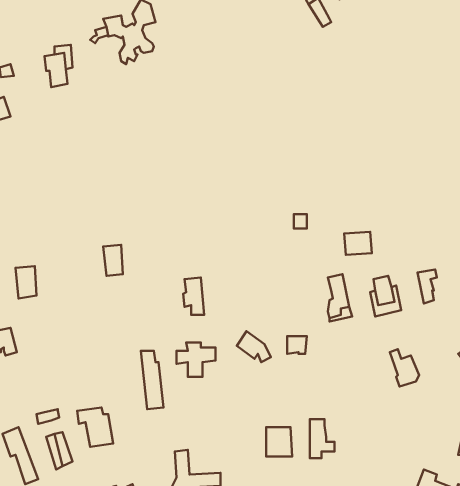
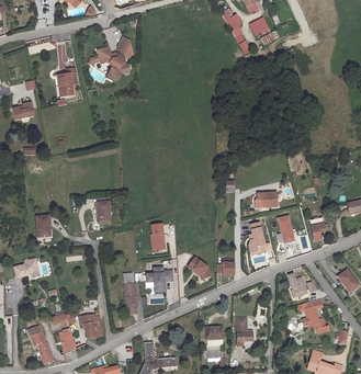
building: none -> [298,299,330,332]

